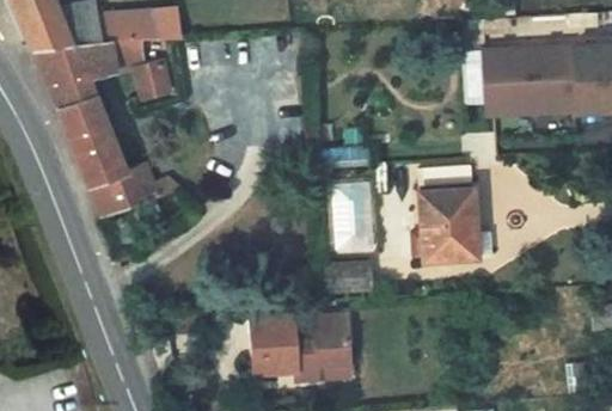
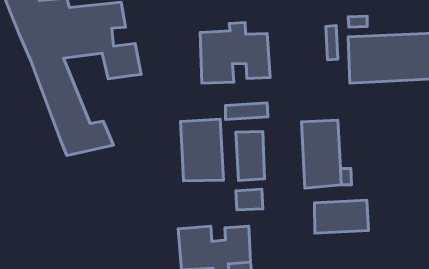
building: none -> [200,23,270,83]
building: none -> [180,119,223,181]
building: none -> [314,200,368,233]

